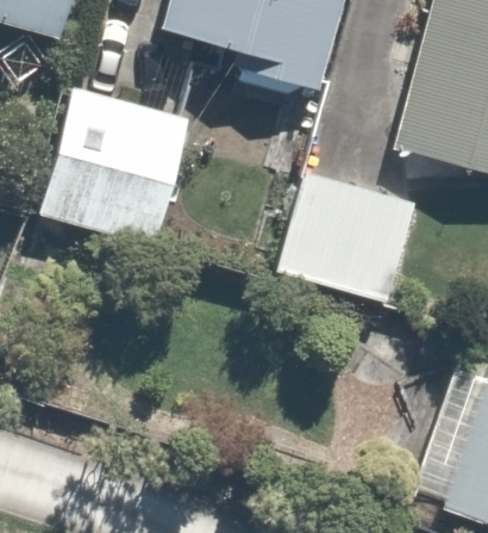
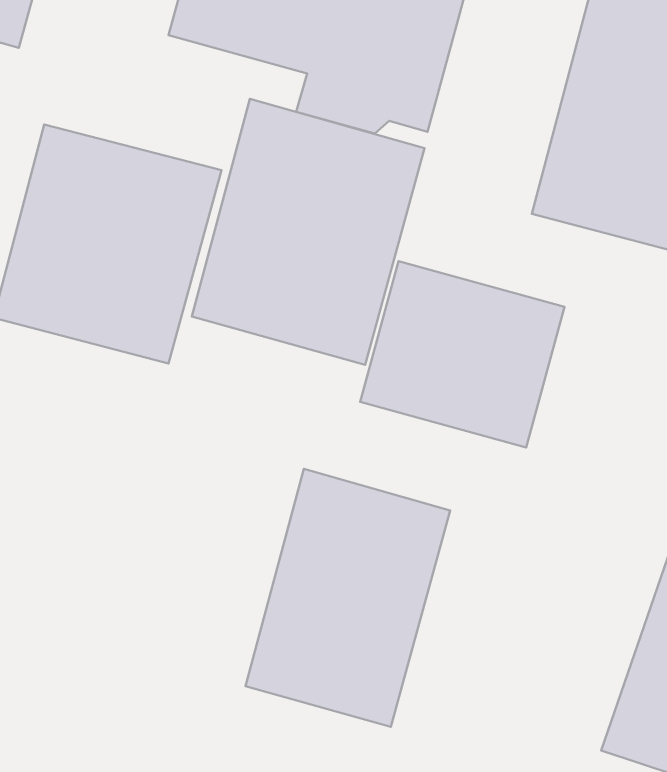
building: none -> [192,99,425,365]
building: none -> [246,469,450,727]

